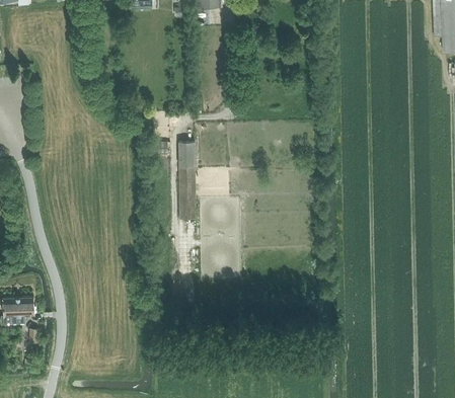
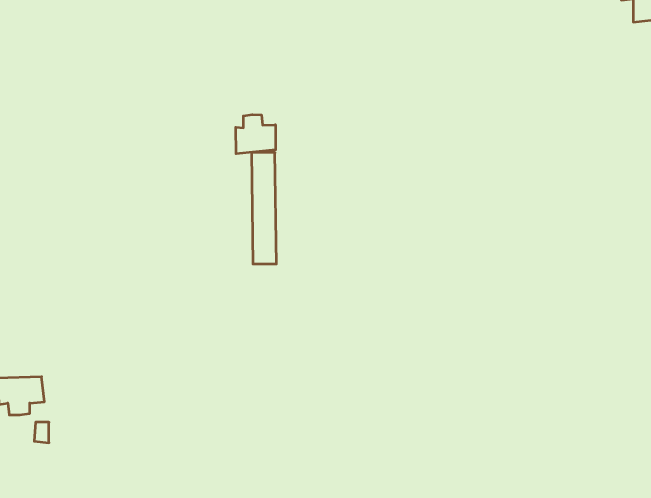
building: none -> [236,115,276,154]

